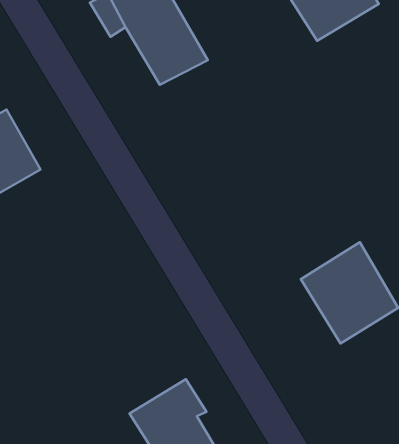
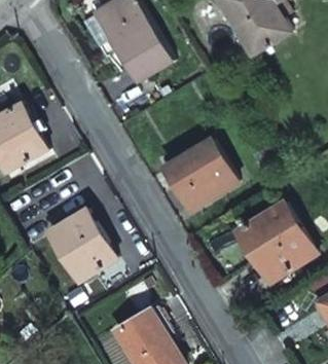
building: none -> [165,142,231,210]
building: none -> [45,210,112,280]

